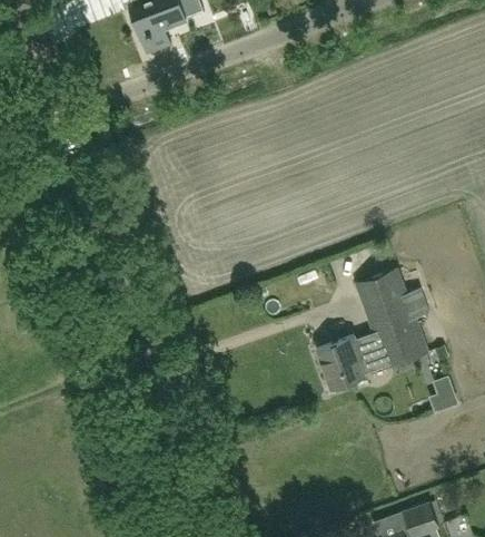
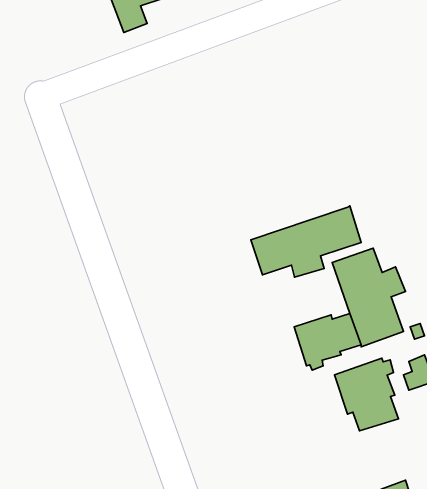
building: none -> [251,206,361,277]
building: none -> [334,358,399,431]

